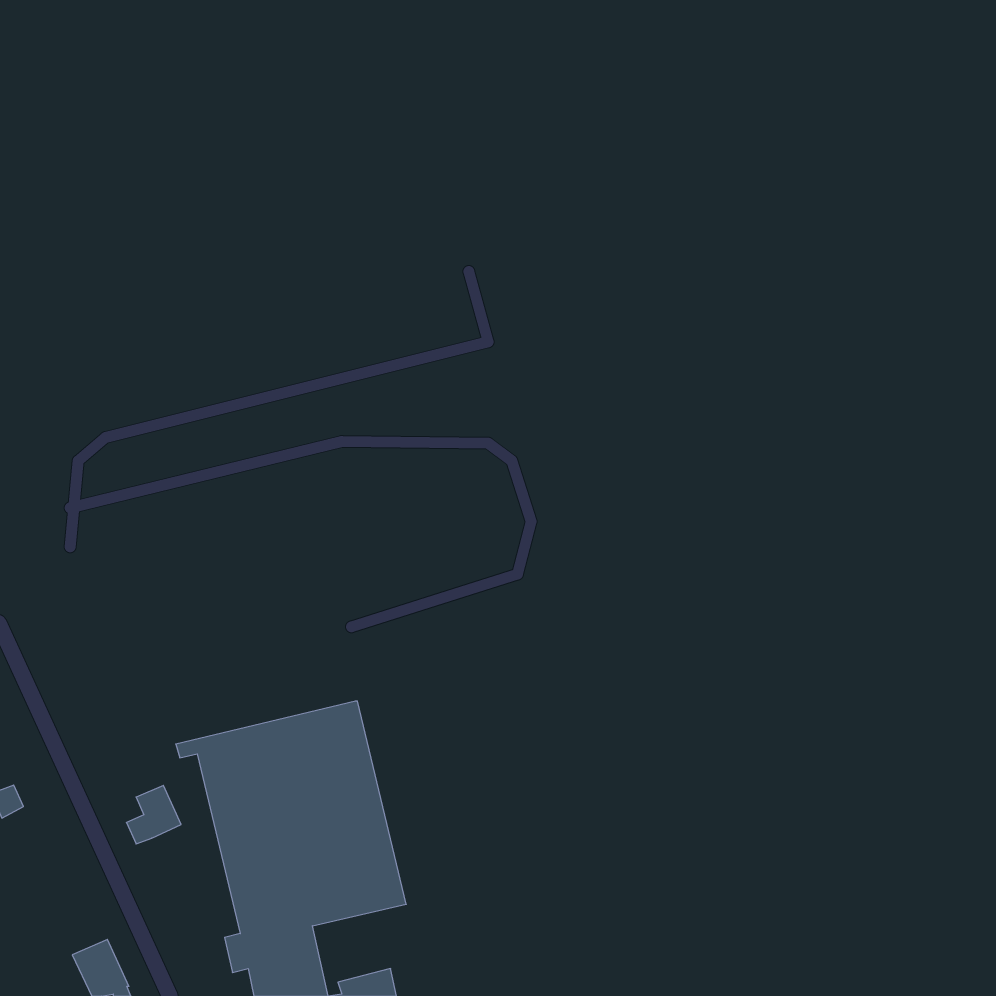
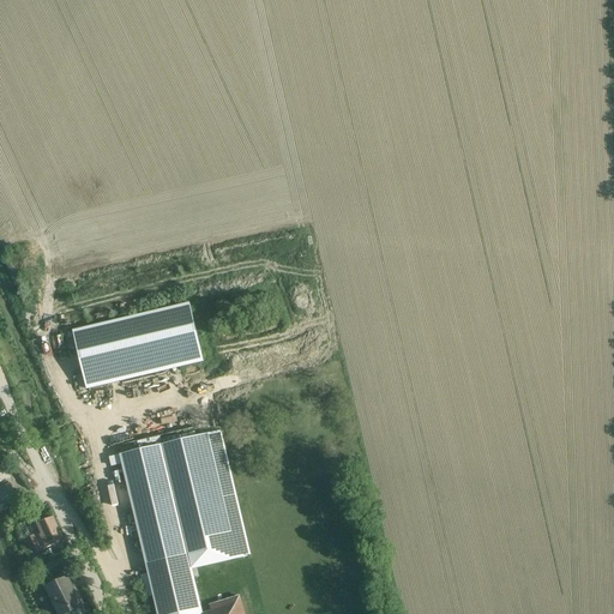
building: none -> [71,301,201,387]
building: [126,785,181,844] -> [29,516,62,552]

